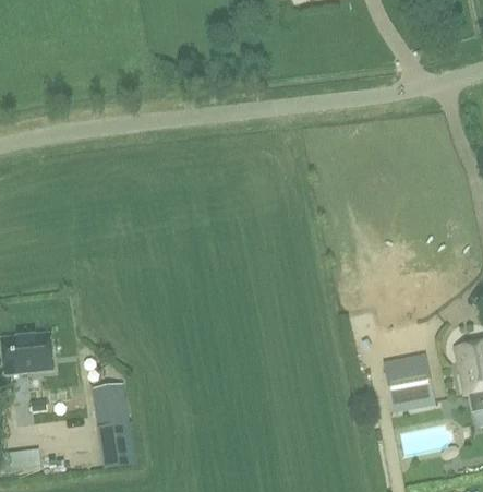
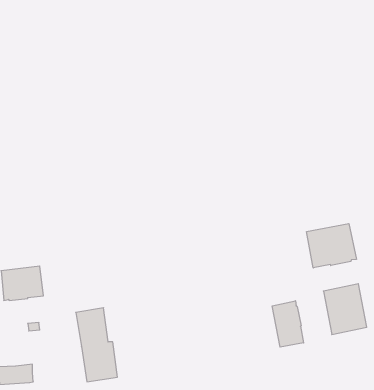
building: none -> [307,224,356,268]
building: none -> [272,301,304,347]

